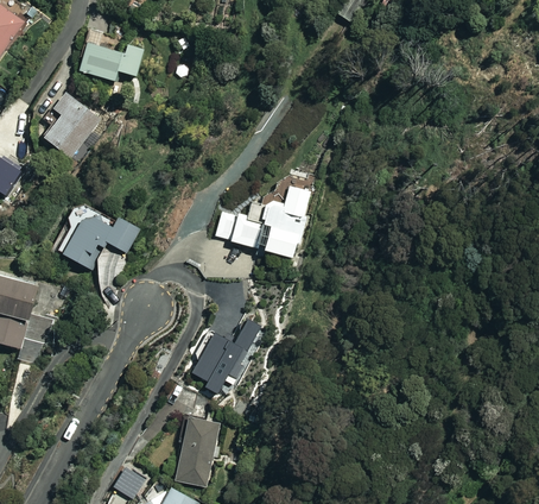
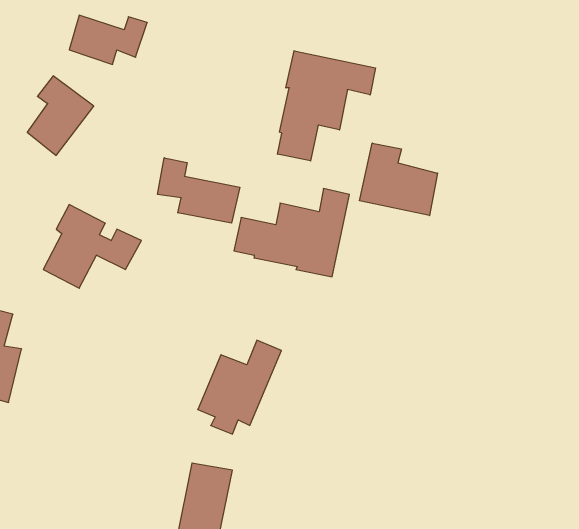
building: none -> [278,51,375,161]
building: none -> [360,143,438,216]
building: none -> [158,158,240,223]

